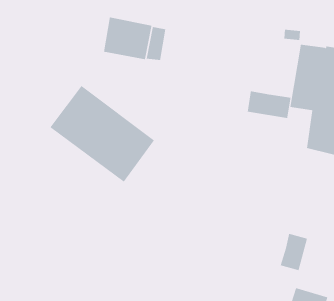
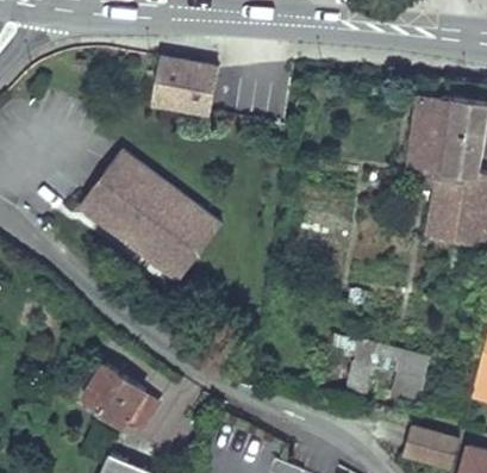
building: [247,90,291,119] -> none
building: none -> [346,341,402,394]
building: none -> [81,365,156,429]

